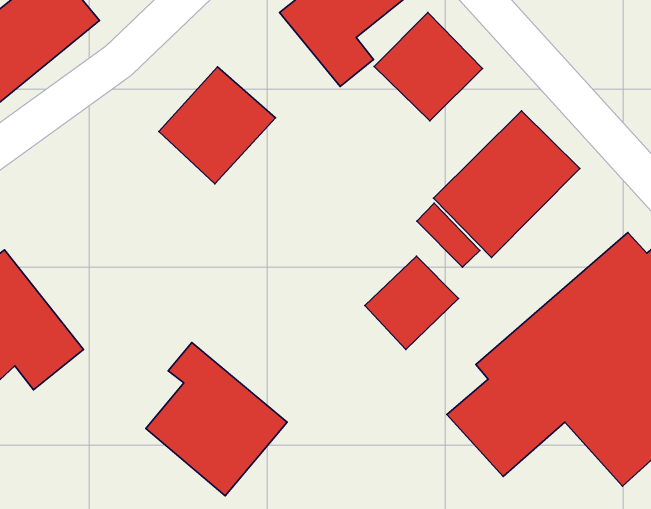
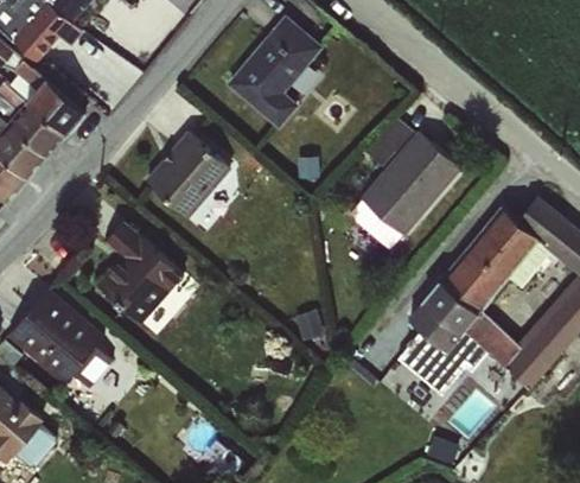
building: [374,13,482,121] -> none
building: [365,256,458,349] -> none
building: [146,342,287,496] -> [91,222,195,331]

